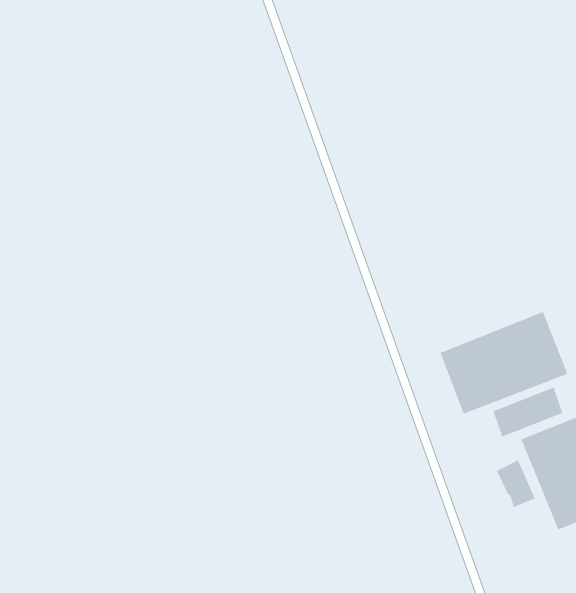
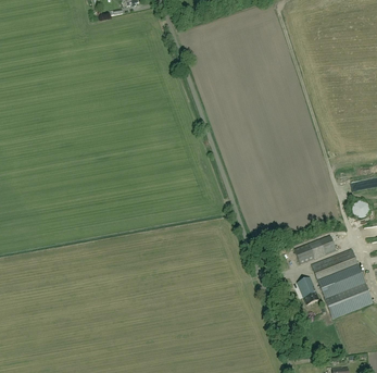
building: [440,311,568,414] -> none

